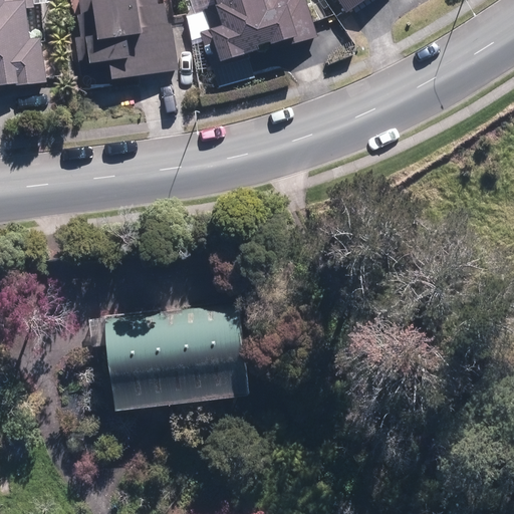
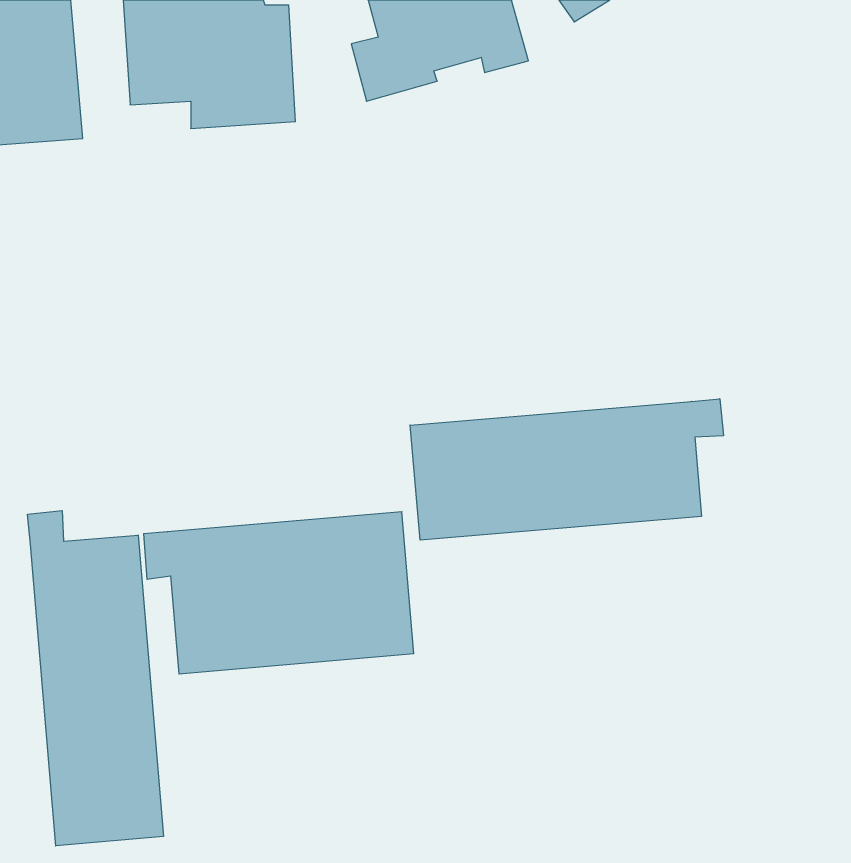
building: none -> [410,399,723,540]
building: none -> [28,511,163,846]

